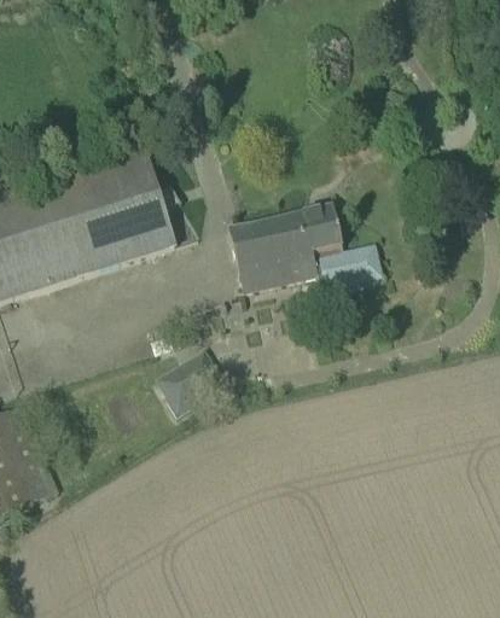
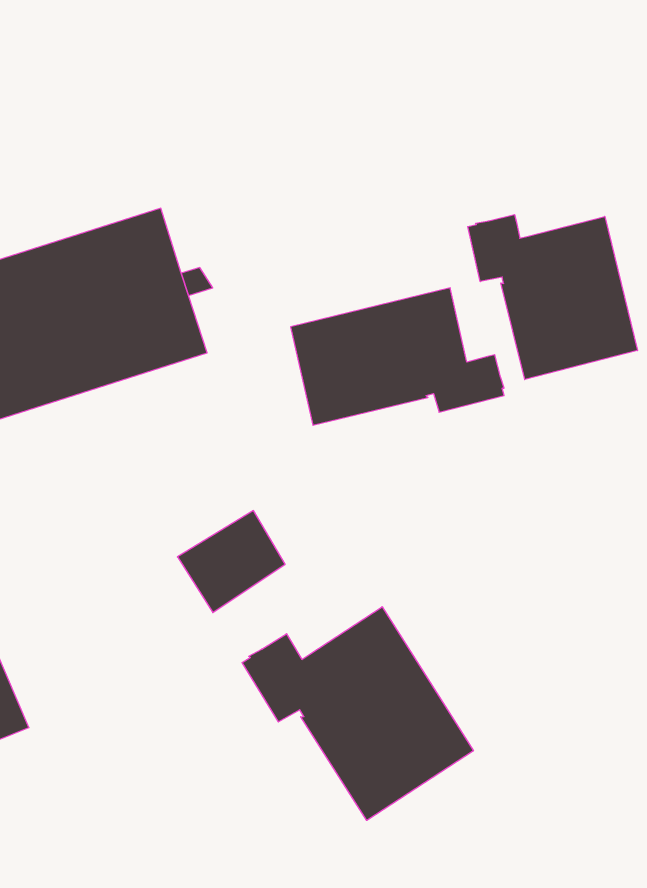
building: none -> [468,215,637,380]
building: none -> [242,607,473,820]

